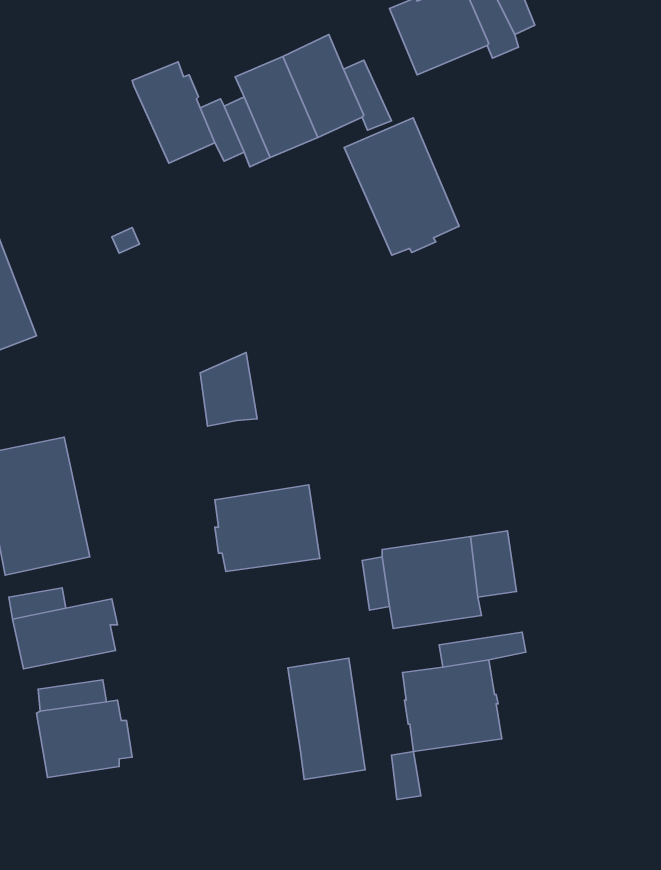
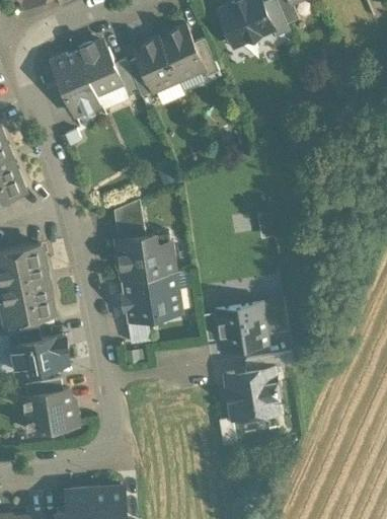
building: none -> [52,54,101,118]
building: [344,118,459,255] -> none
building: none -> [117,234,174,282]
building: [288,658,365,779] -> none

